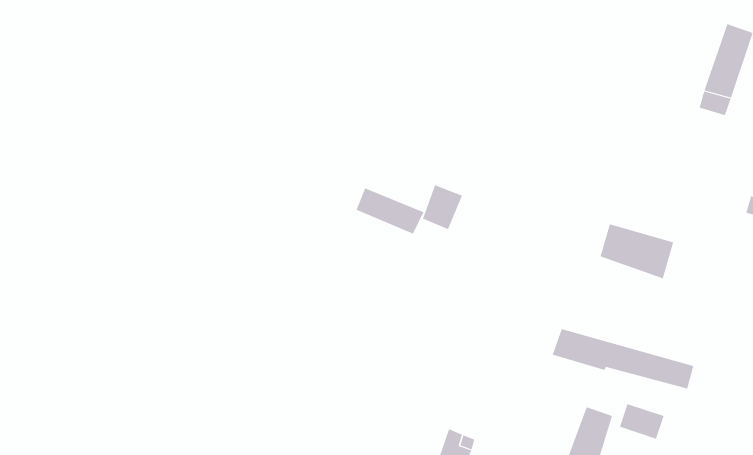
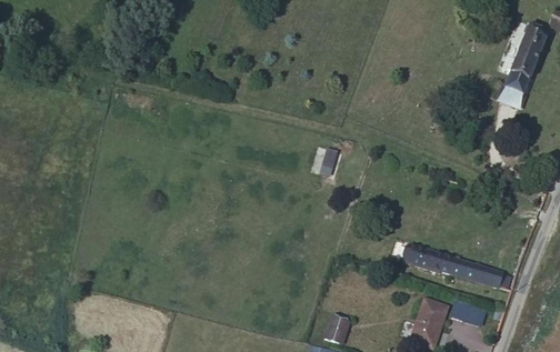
building: [356,188,424,234] -> none
building: [600,224,674,279] -> none

